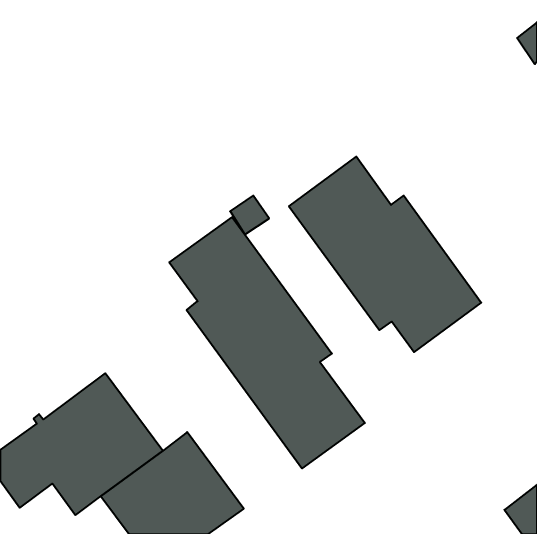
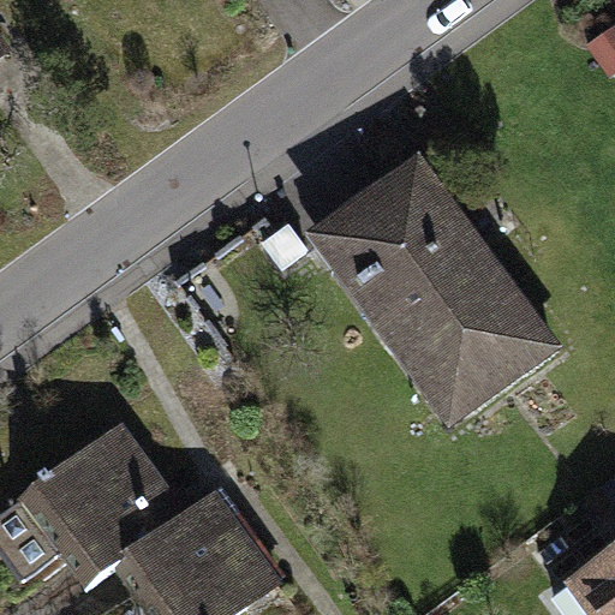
building: [169,217,365,468] -> none

